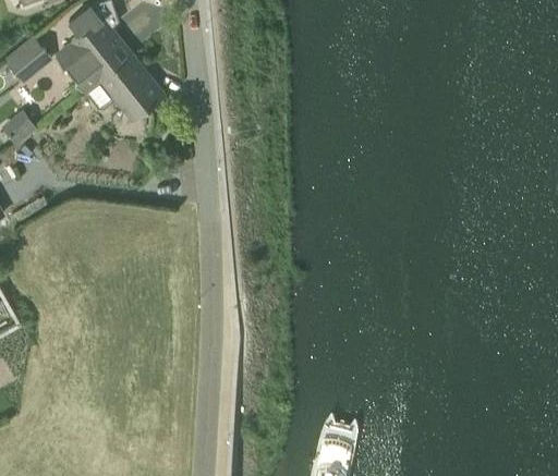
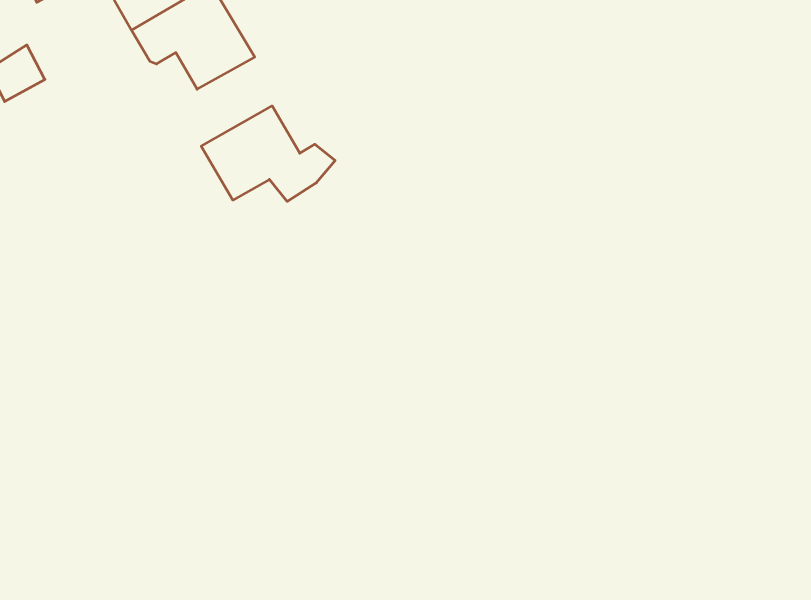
building: none -> [201,106,335,201]

